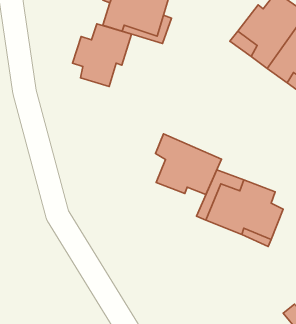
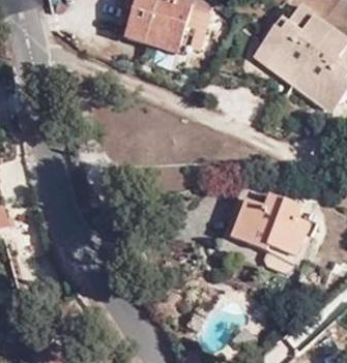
building: [73,24,132,87] -> none
building: [155,134,221,195] -> none

